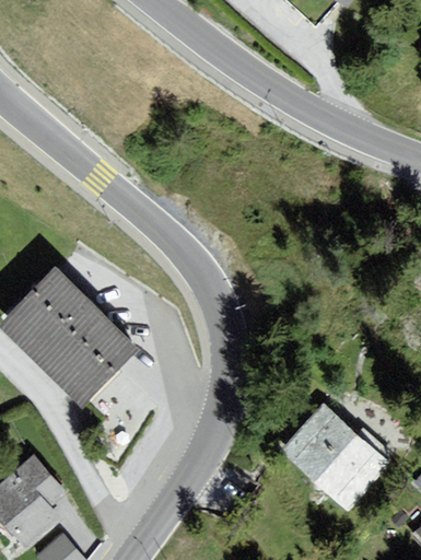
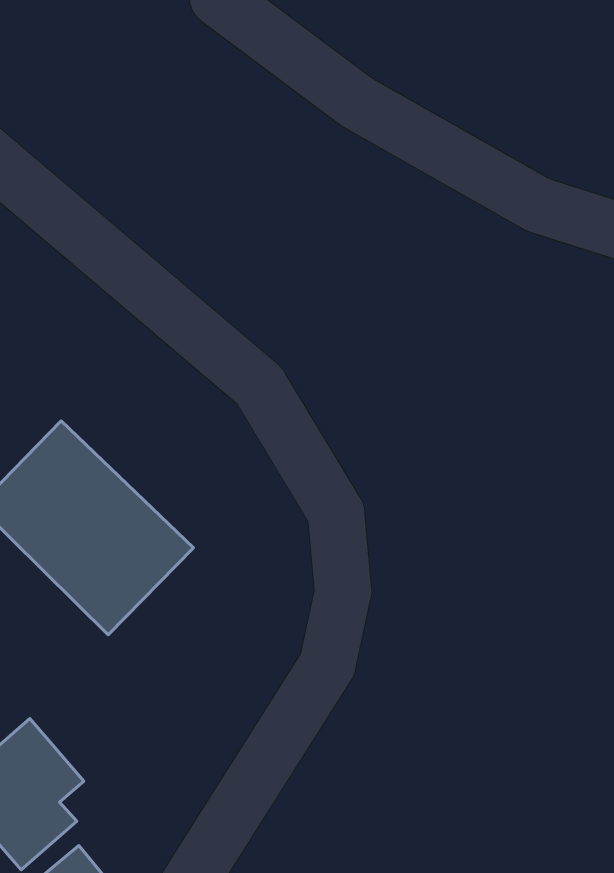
building: [283,406,387,505] -> none

